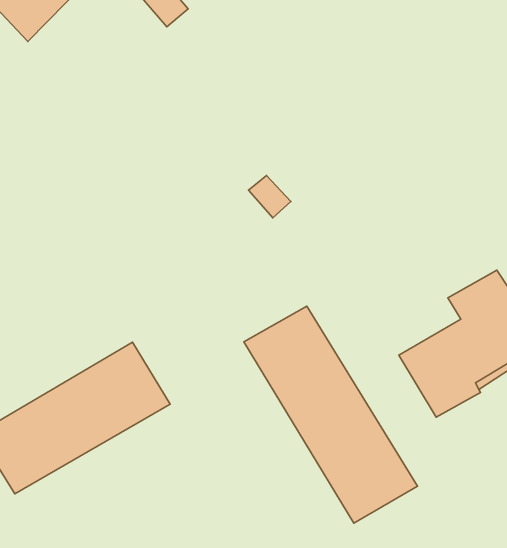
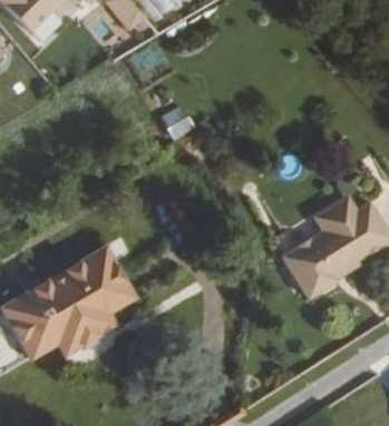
building: [244,306,417,523] -> none
building: none -> [23,287,137,357]

